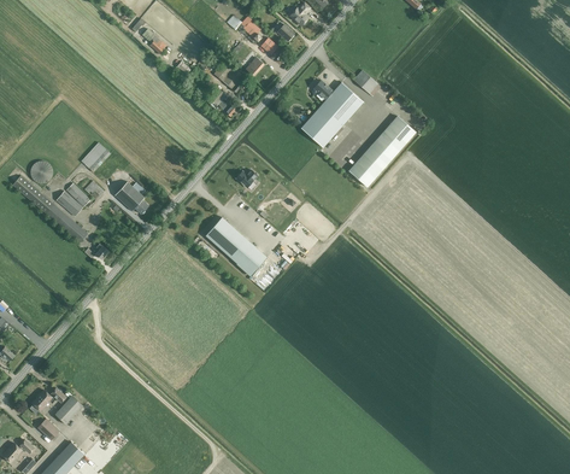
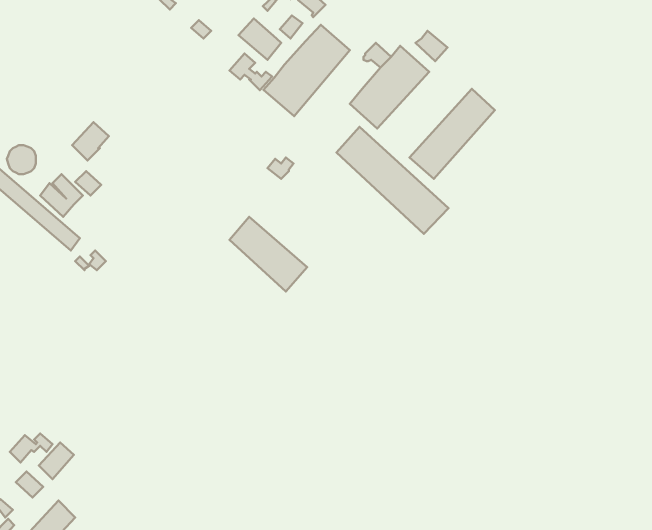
building: none -> [264,25,350,116]
building: none -> [337,127,448,234]
building: [114,176,148,213] -> none

